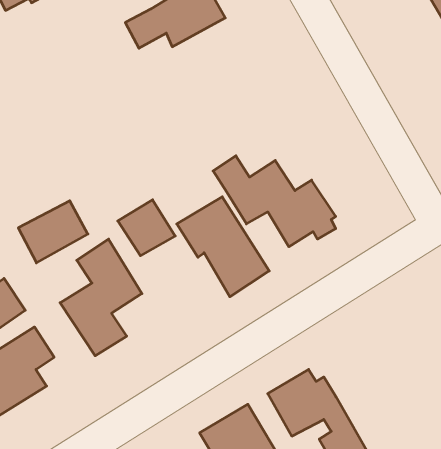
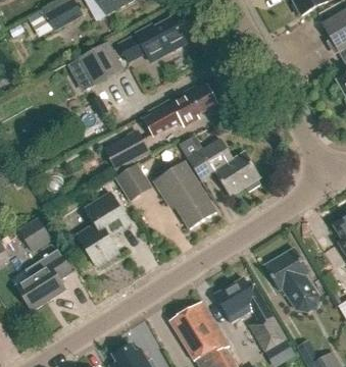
building: none -> [78,41,122,85]
building: none -> [144,86,216,135]
building: [18,201,88,263] -> [105,130,152,172]
building: none -> [263,248,317,310]

